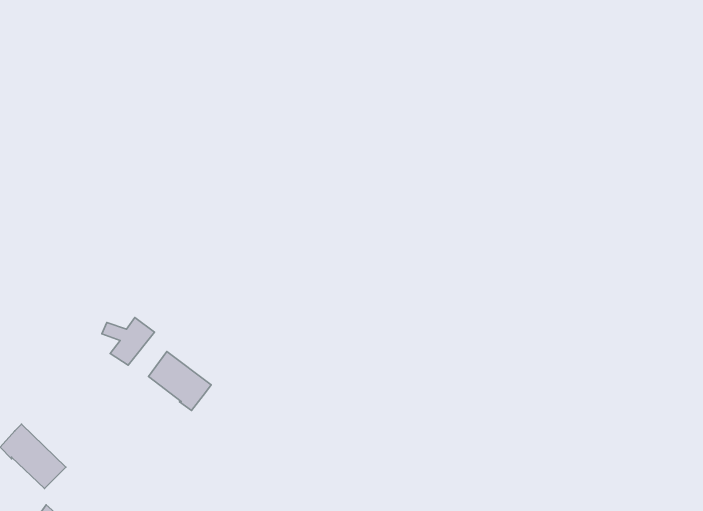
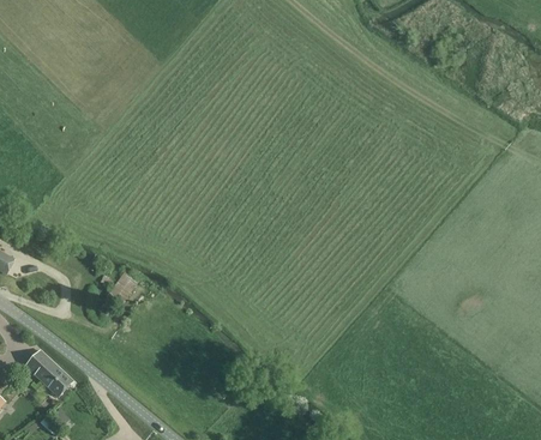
building: [148,351,211,410] -> none

